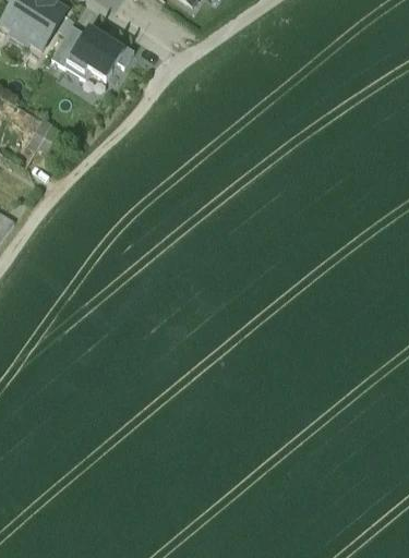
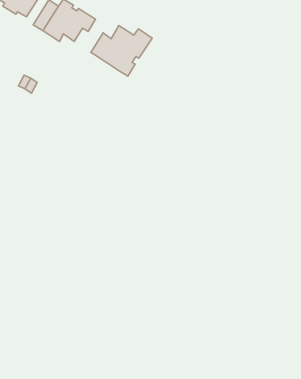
building: none -> [91,25,152,76]

